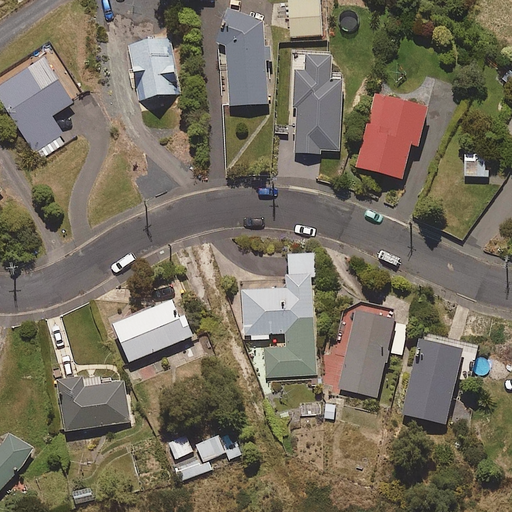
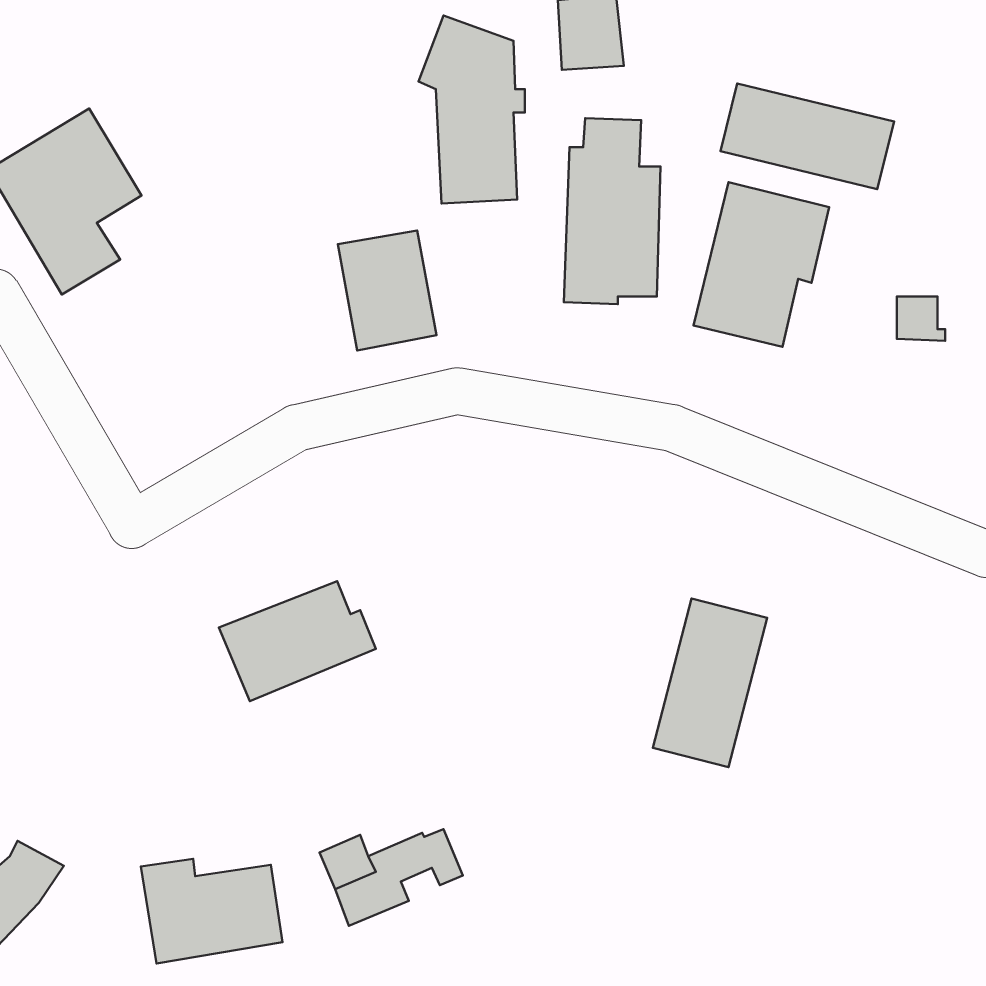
building: [127,36,178,98] -> [338,230,437,351]
building: none -> [721,83,894,189]
building: [242,252,317,376] -> none
building: [400,336,475,422] -> none
building: [57,377,130,431] -> [141,859,282,963]

